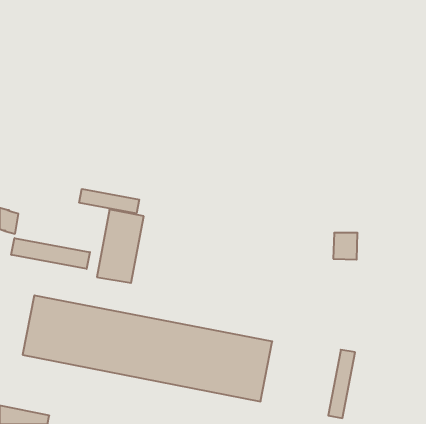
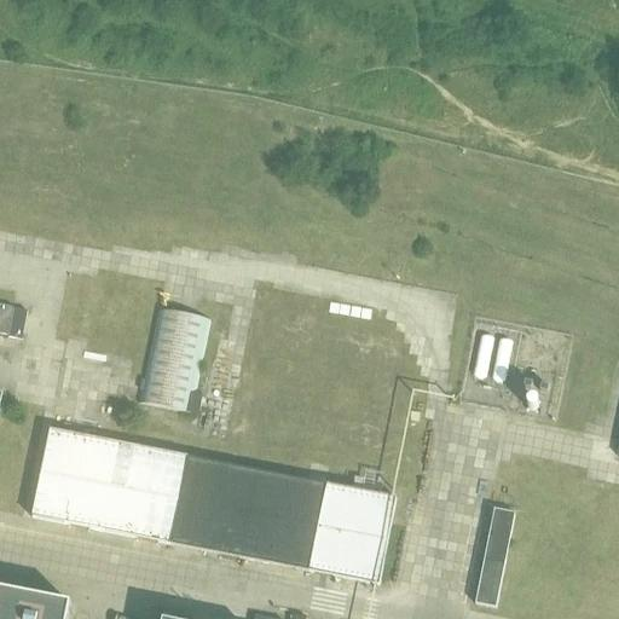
building: [79,189,139,213] -> none
building: [11,238,90,269] -> none

